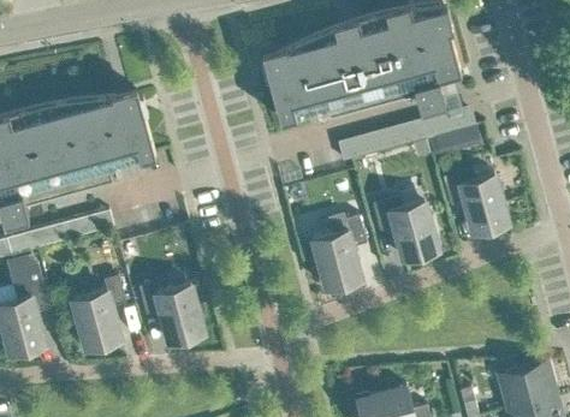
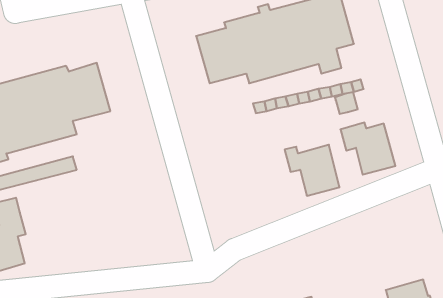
building: [308,210,366,288] -> none
building: [67,273,125,349] -> none
building: [137,278,207,342] -> none

